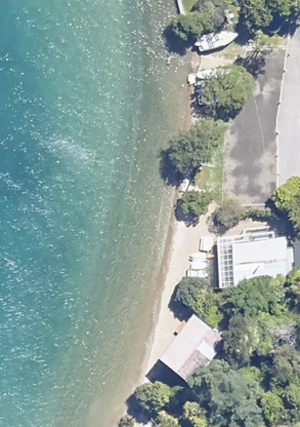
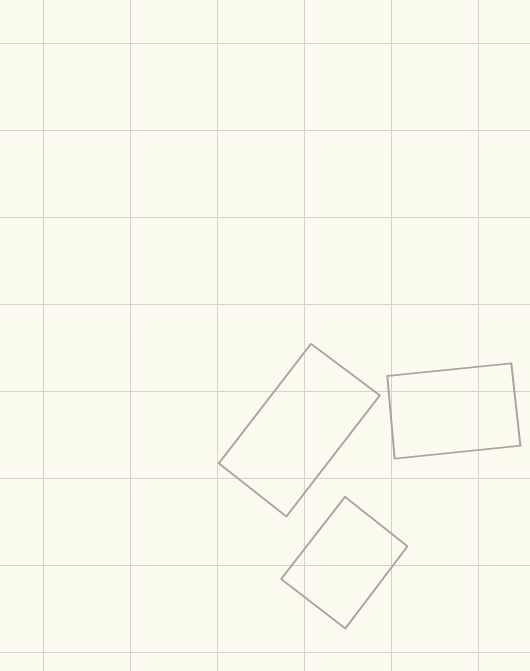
building: none -> [219,344,380,516]

